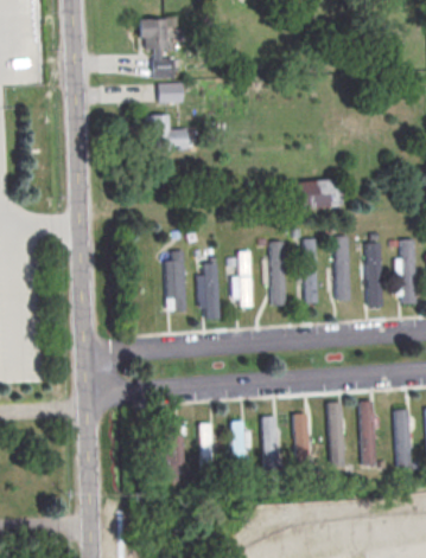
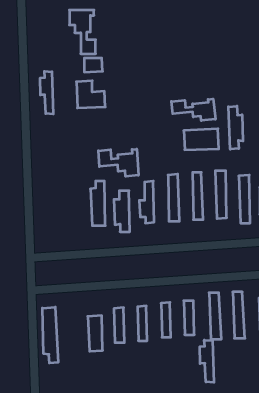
building: none -> [40,71,53,114]
building: none -> [171,99,215,121]
building: none -> [228,106,243,149]
building: none -> [98,149,138,176]
building: none -> [42,307,58,363]
building: none -> [200,340,214,382]

